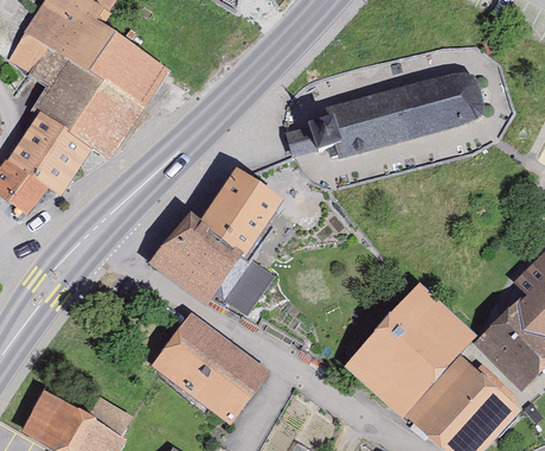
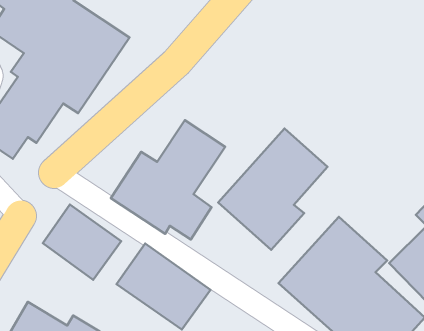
building: [308,74,483,160] -> none
building: none -> [218,129,327,250]
building: none -> [43,205,121,280]

